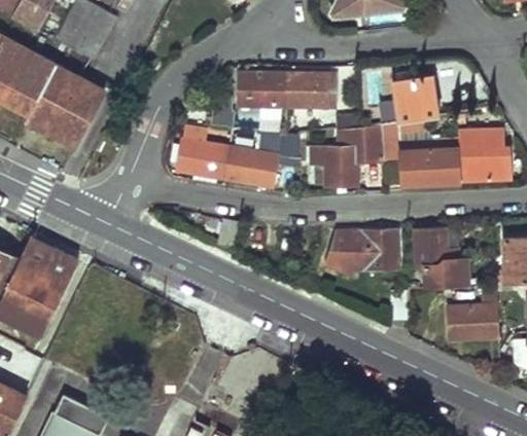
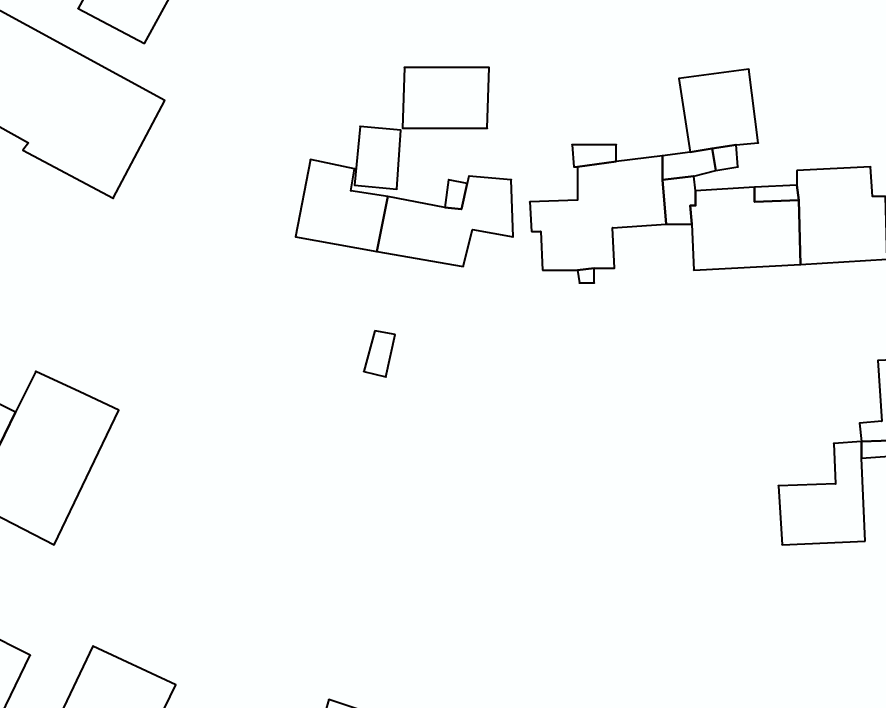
building: [284,73,333,108] -> none
building: [413,227,467,286] -> none
building: [323,229,394,277] -> none

